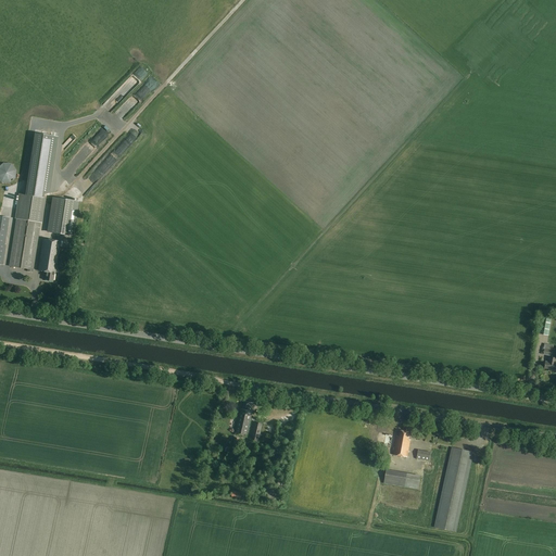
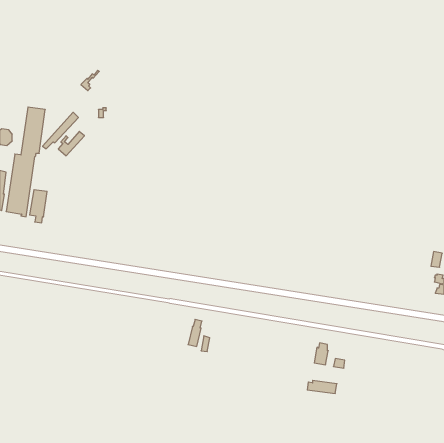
building: [48,195,78,235] -> none
building: [433,445,473,530] -> none

